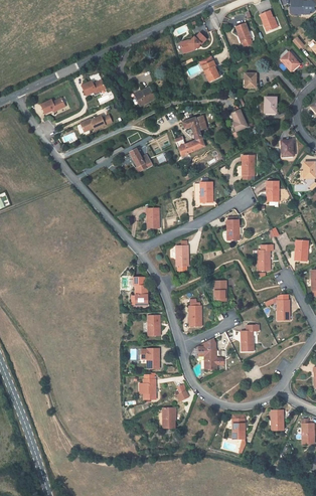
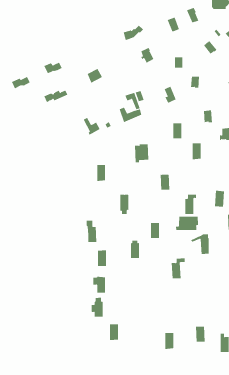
building: none -> [176,216,199,231]
building: [198,337,221,371] -> none

